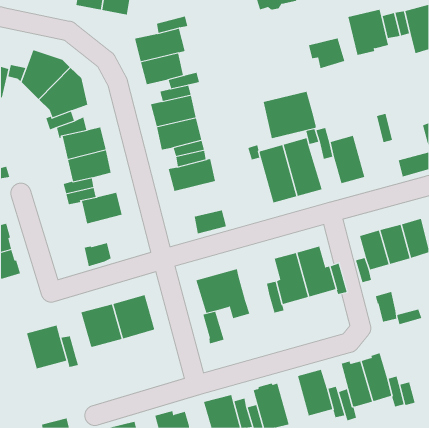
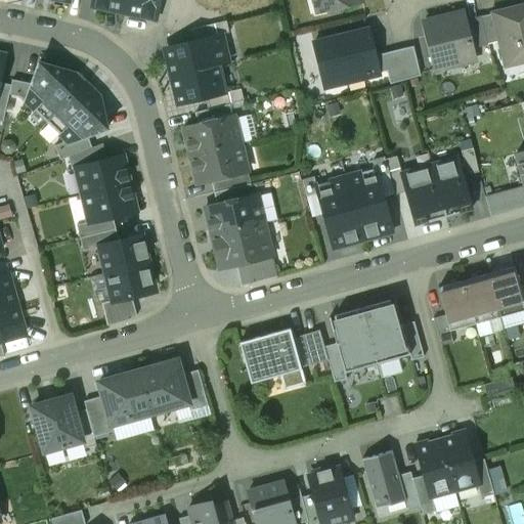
building: [263,91,317,139] -> [314,29,380,87]
building: none -> [431,158,471,216]
building: none -> [212,221,271,268]
building: none -> [105,262,155,301]
building: none -> [292,330,328,366]
building: [375,291,397,322] -> none
building: [203,311,224,344] -> [181,369,208,409]
building: none -> [84,395,114,436]

